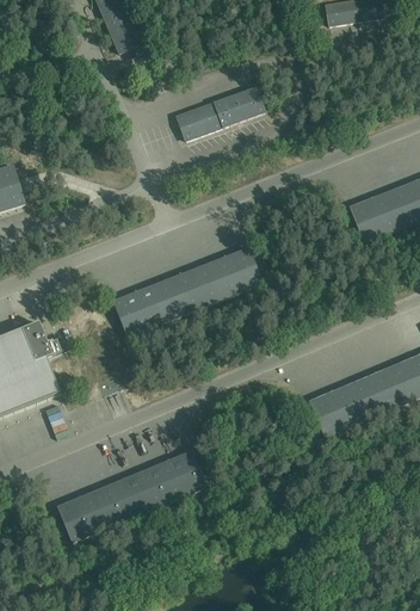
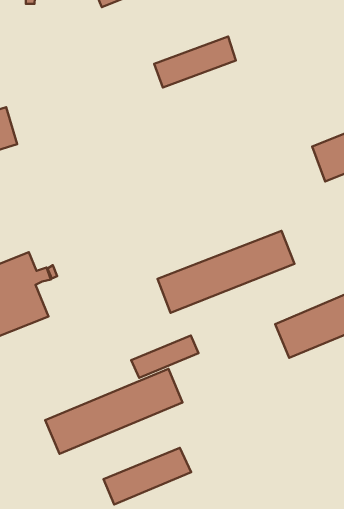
building: [112,246,262,335] -> [157,231,295,313]
building: none -> [131,335,199,378]
building: none -> [103,448,191,504]

